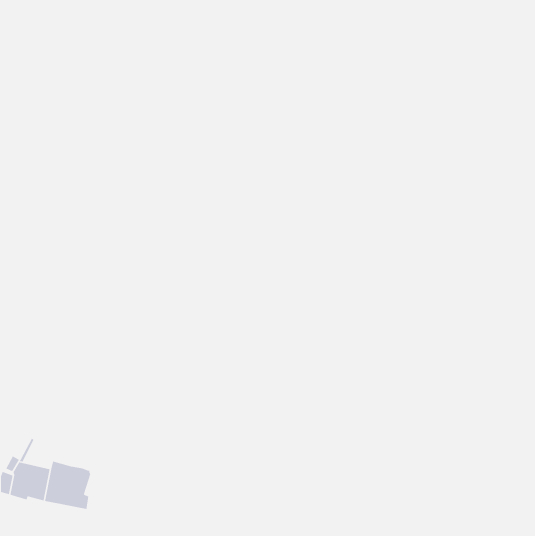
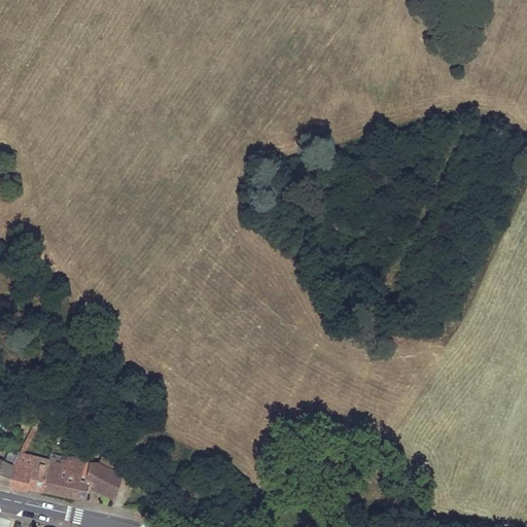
building: none -> [84,464,118,498]

